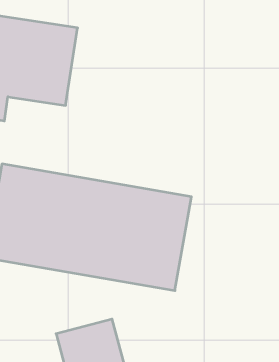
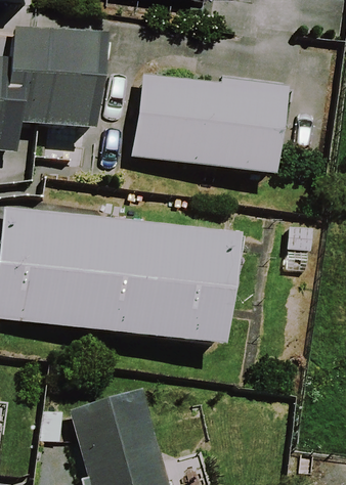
building: none -> [137,73,290,177]

